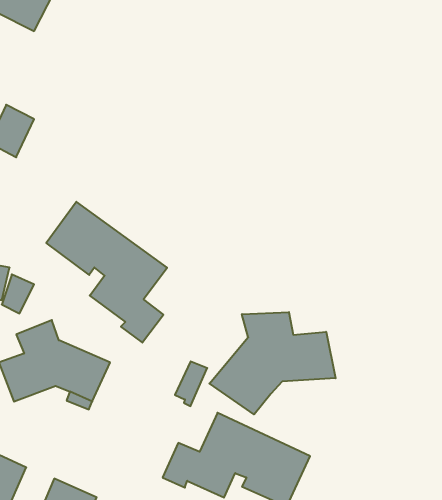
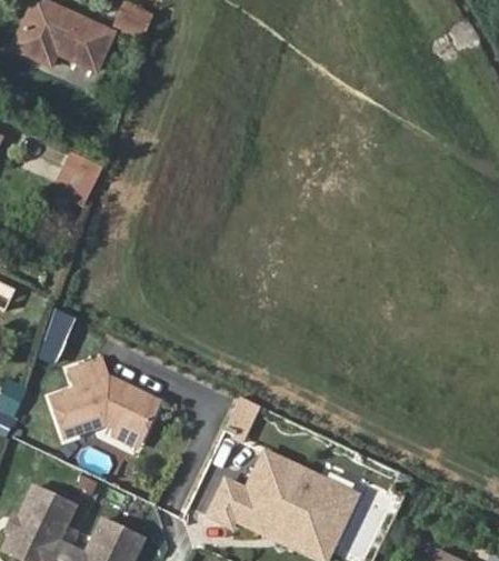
building: [46,202,167,343] -> none
building: [209,312,336,414] -> none

